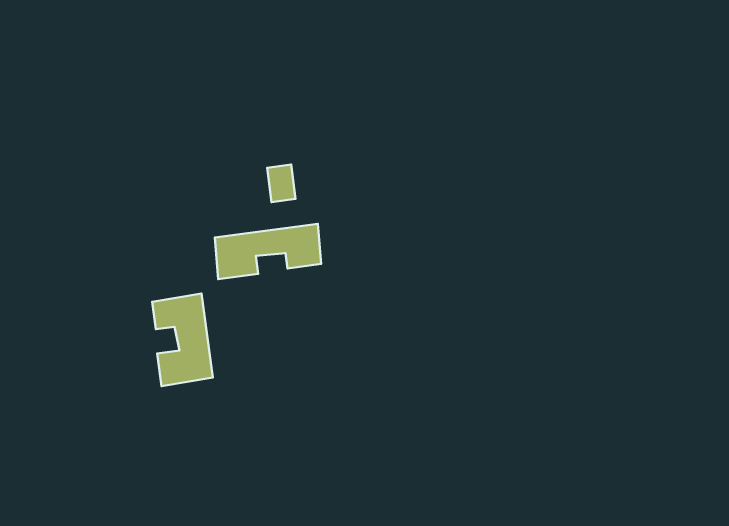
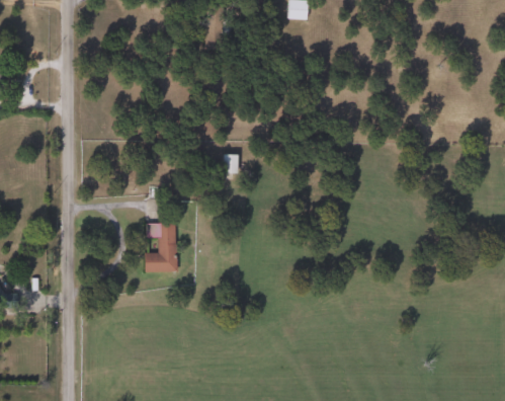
building: [215,224,321,279] -> none

